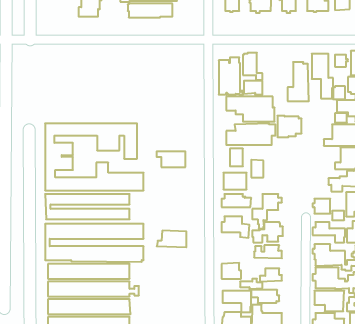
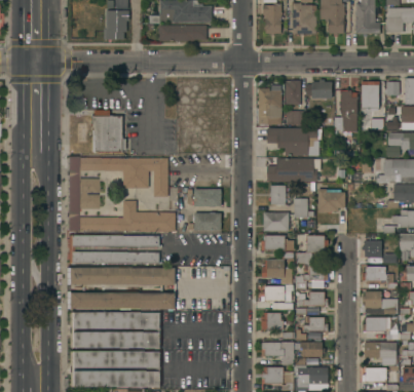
building: none -> [305,80,332,99]
building: none -> [90,110,125,152]
building: [277,116,302,137] -> [317,189,344,212]
building: [157,231,186,247] -> [188,212,221,231]
building: none -> [261,286,291,302]

